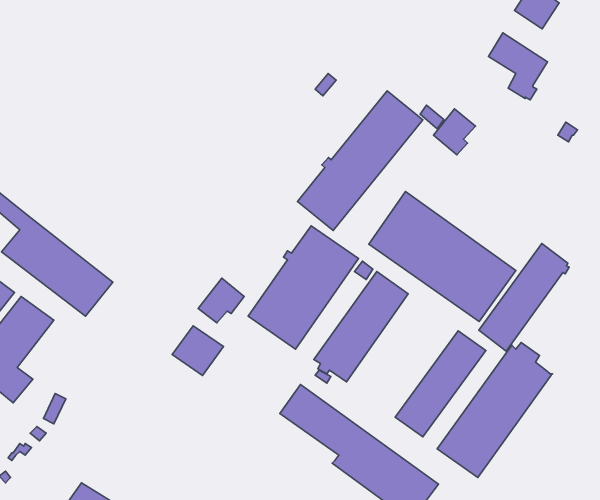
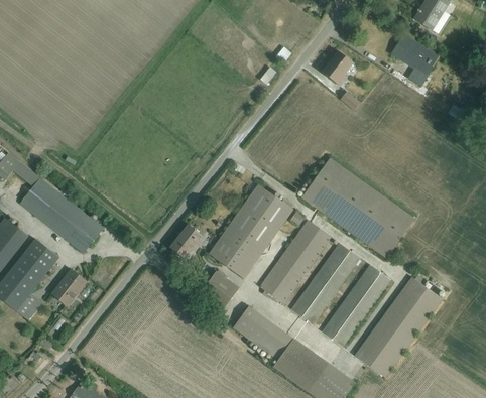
building: [297,91,423,231] -> none
building: [433,109,475,155] -> [321,51,353,87]
building: [479,244,569,351] -> [290,243,360,325]
building: [172,326,223,376] -> [200,271,239,309]
building: none -> [50,269,86,306]

